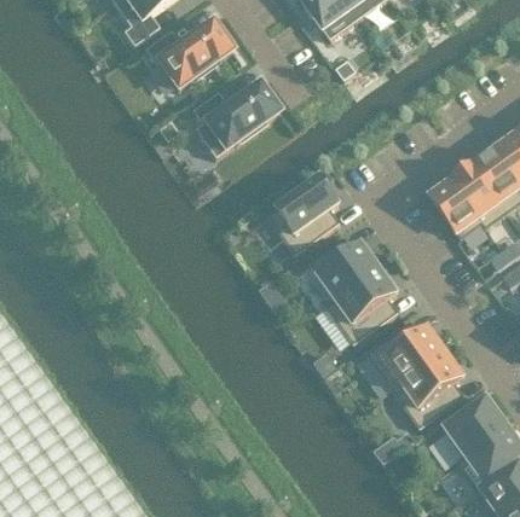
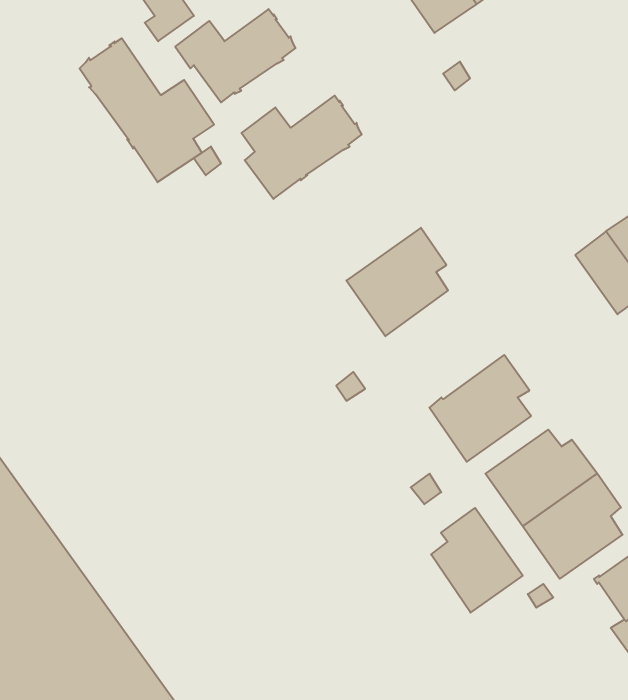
building: none -> [80,38,214,182]
building: [310,234,380,297] -> none
building: none -> [431,508,523,613]

